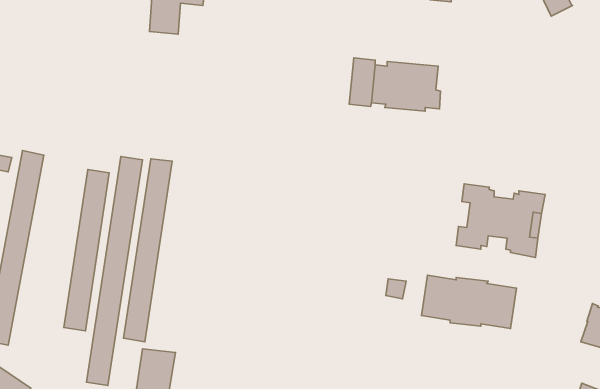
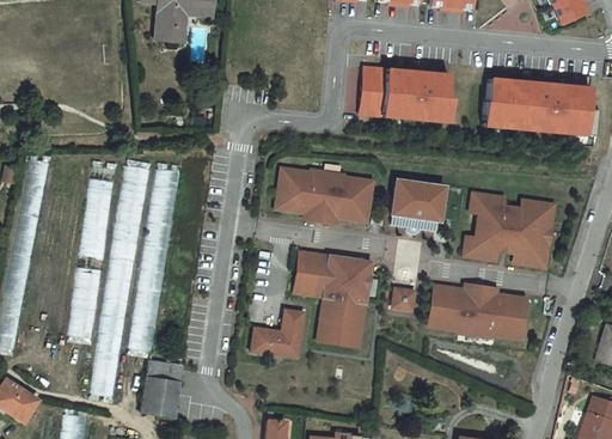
building: none -> [482,79,599,135]
building: none -> [277,167,373,221]
building: none -> [392,179,443,232]
building: none -> [295,251,372,345]
building: none -> [252,309,305,356]

